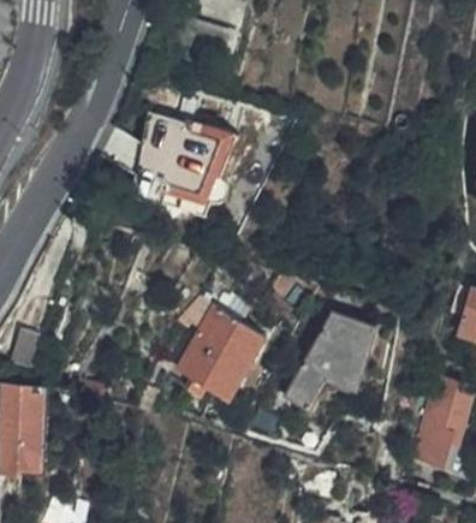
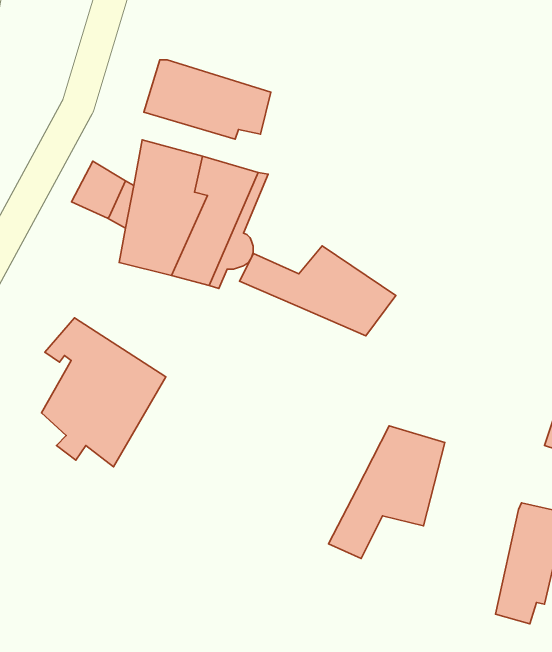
building: none -> [144,60,271,139]
building: none -> [240,246,396,336]
building: [174,295,266,404] -> [42,318,166,467]

